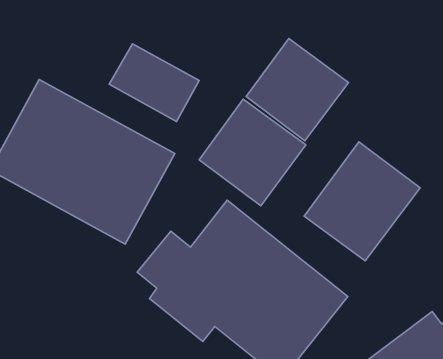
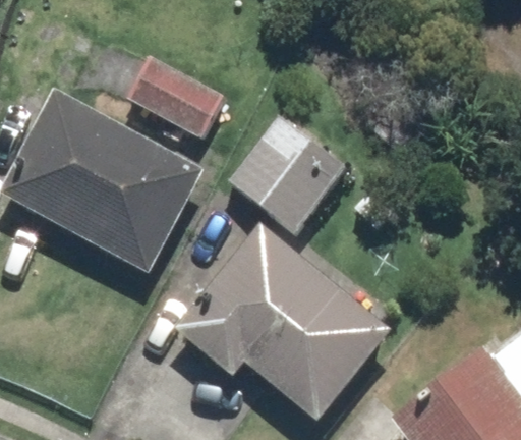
building: [246,38,348,141] -> none
building: [304,142,420,261] -> none

